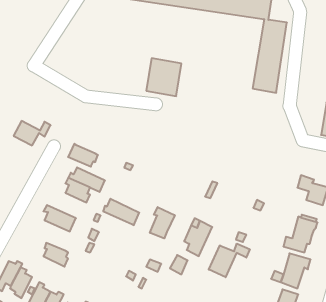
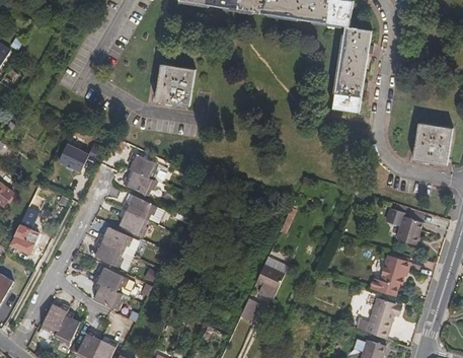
building: [146,58,181,96] -> [156,62,197,105]
building: none -> [129,152,158,181]
building: [103,199,139,225] -> [97,226,139,257]
building: [150,207,175,238] -> none
building: none -> [92,266,128,293]
building: [209,244,250,277] -> none

